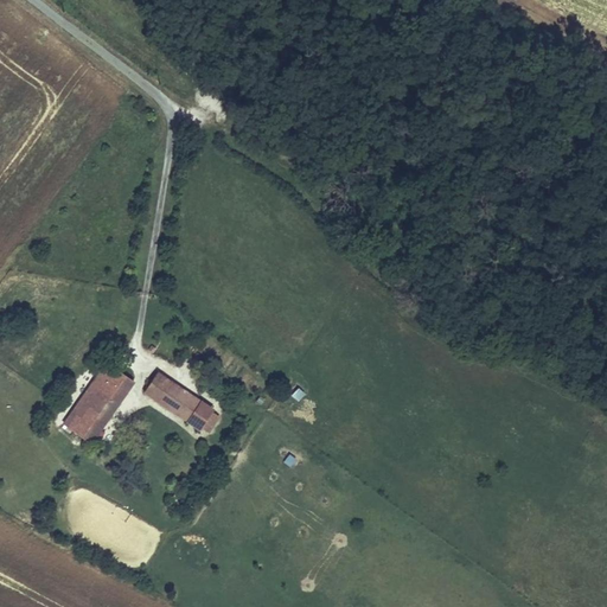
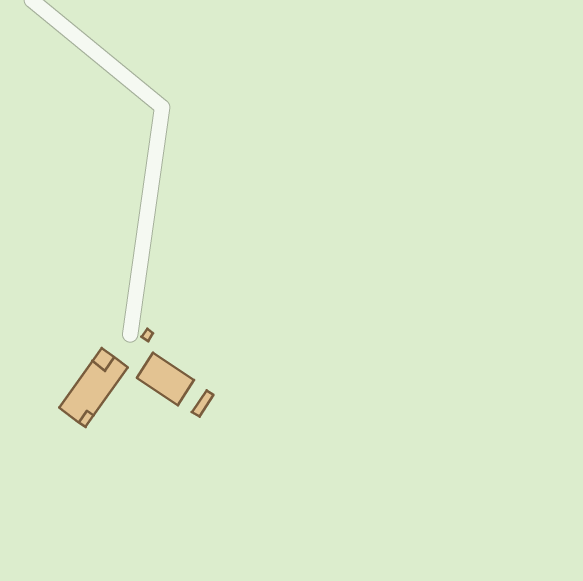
building: [185,397,216,432] -> none

